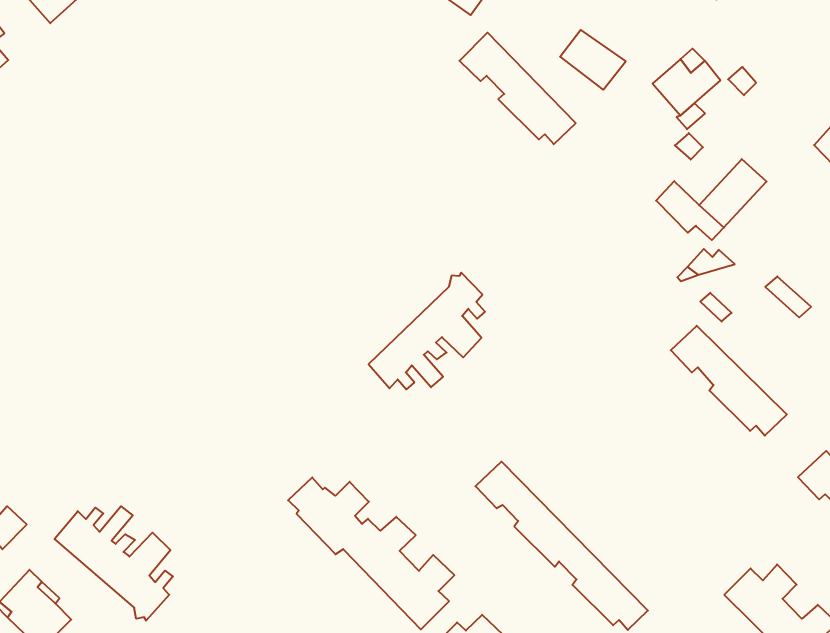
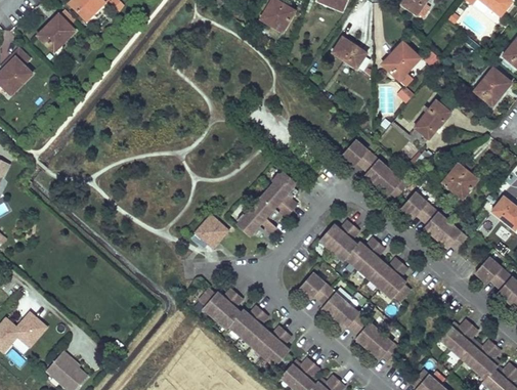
building: [459,33,576,144] -> [342,139,407,198]
building: none -> [441,169,470,197]
building: none -> [198,220,228,245]
building: none -> [320,221,410,301]
building: [55,506,173,621] -> none

